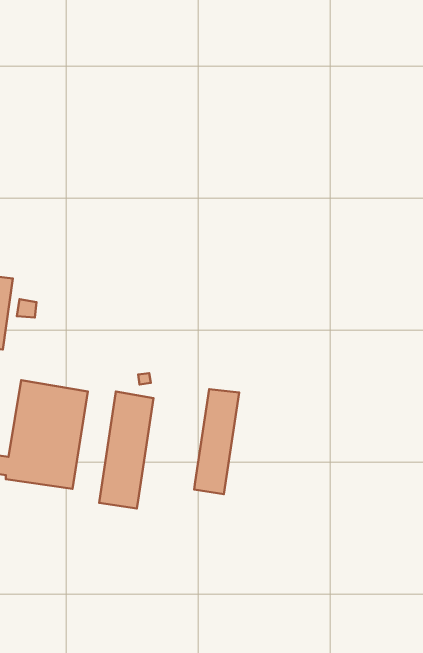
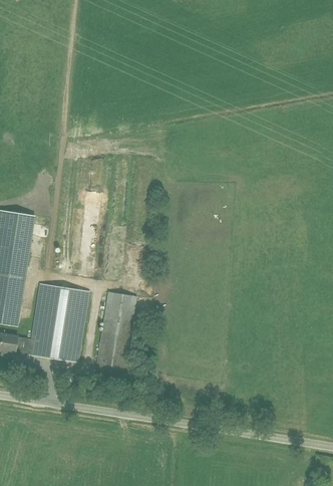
building: [194,389,239,494] -> none

